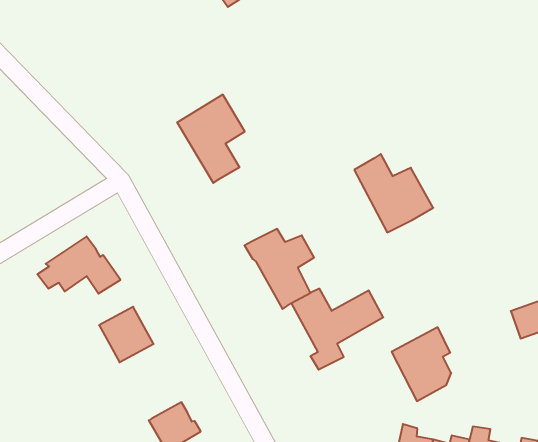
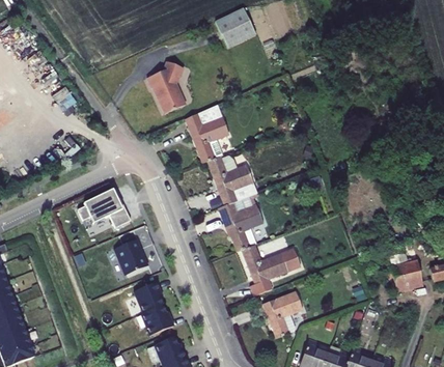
building: none -> [145,63,184,115]
building: [354,154,433,232] -> [206,153,255,205]
building: [392,327,451,401] -> [265,290,303,337]
building: none -> [135,282,164,313]

